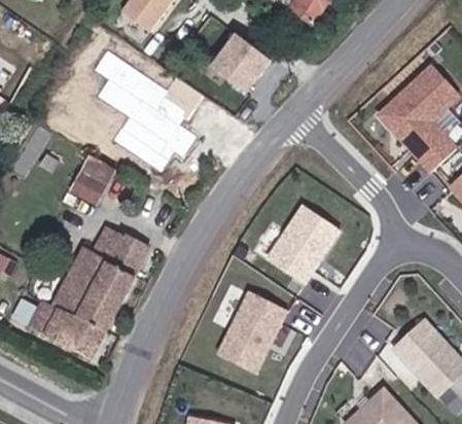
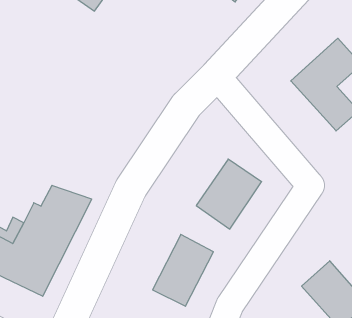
building: [213,36,272,95] -> none
building: [96,50,206,171] -> none
building: [70,151,118,205] -> none

